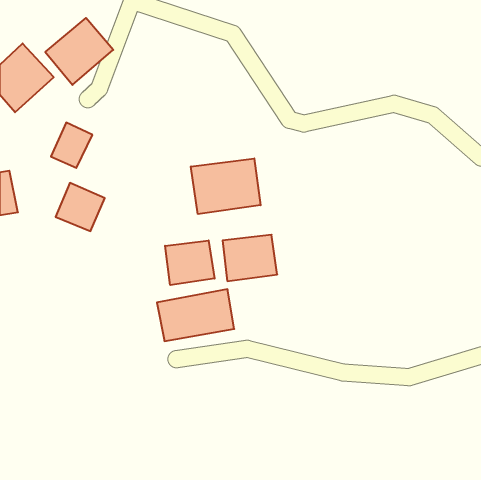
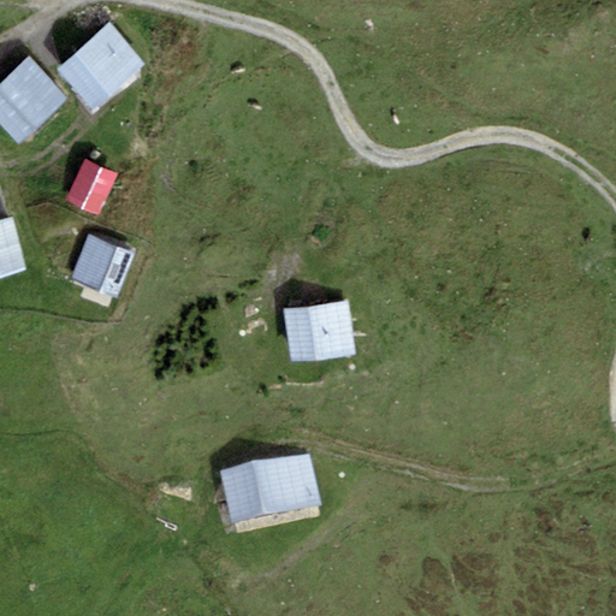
building: [191,158,261,214] -> none
building: [165,240,215,285] -> none
building: [157,289,234,341] -> [218,452,316,519]

